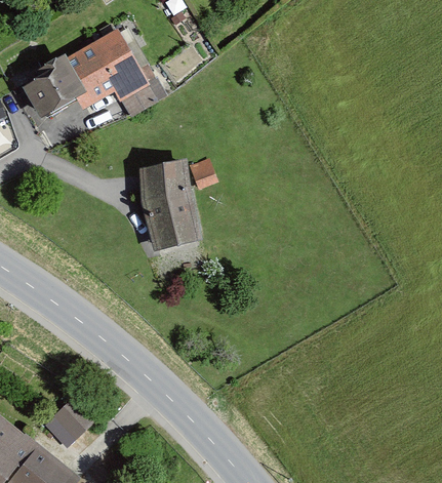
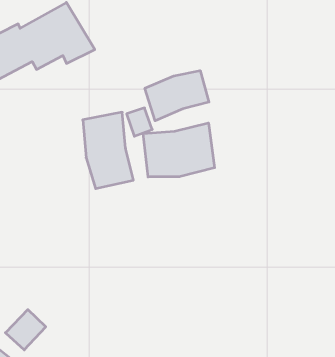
building: none -> [145,71,209,121]
building: none -> [143,123,215,177]

